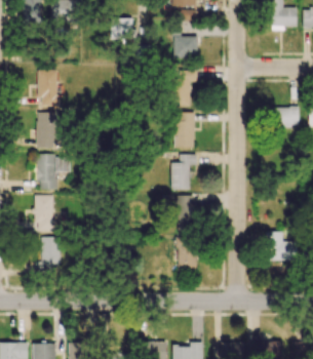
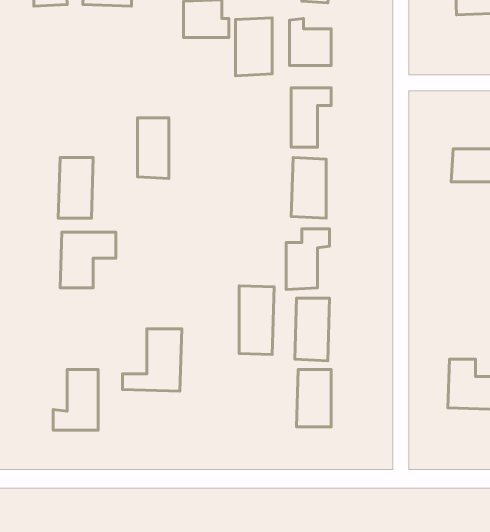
building: none -> [236,18,272,76]
building: [40,70,58,106] -> [137,118,169,179]
building: none -> [239,286,274,354]
building: [21,195,55,232] -> [123,329,182,391]

